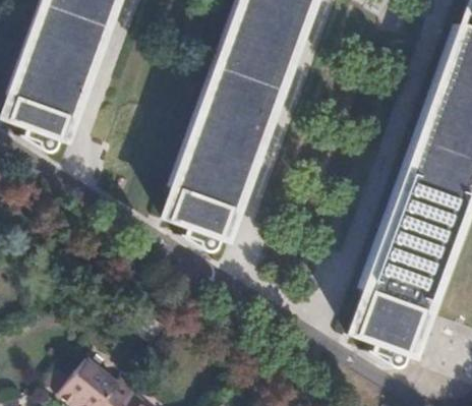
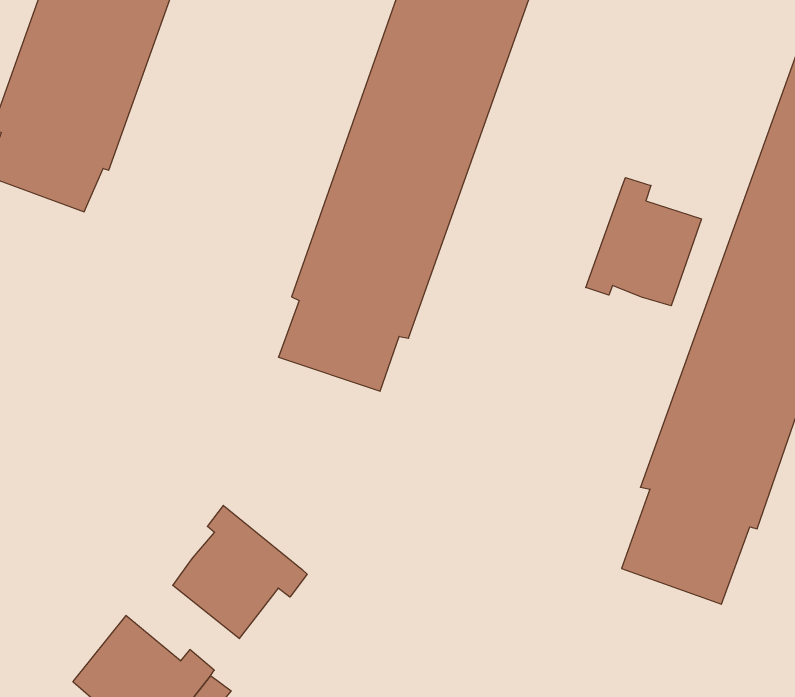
building: none -> [586,178,702,306]
building: none -> [173,505,307,639]

